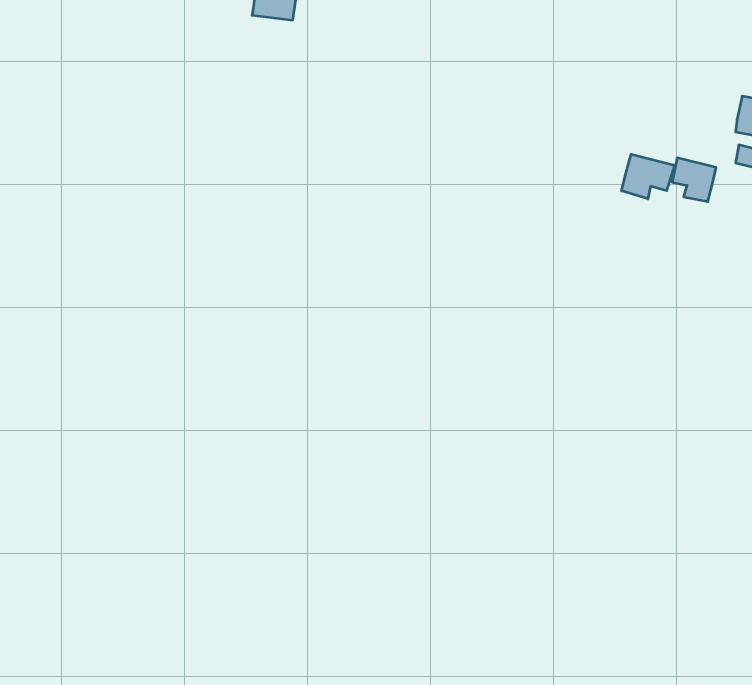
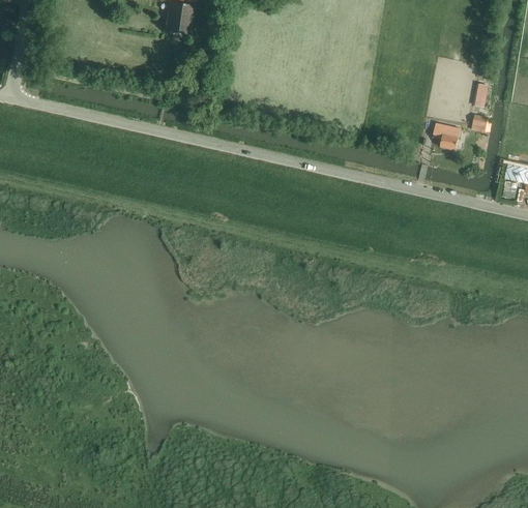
building: [622,154,674,199] -> none

